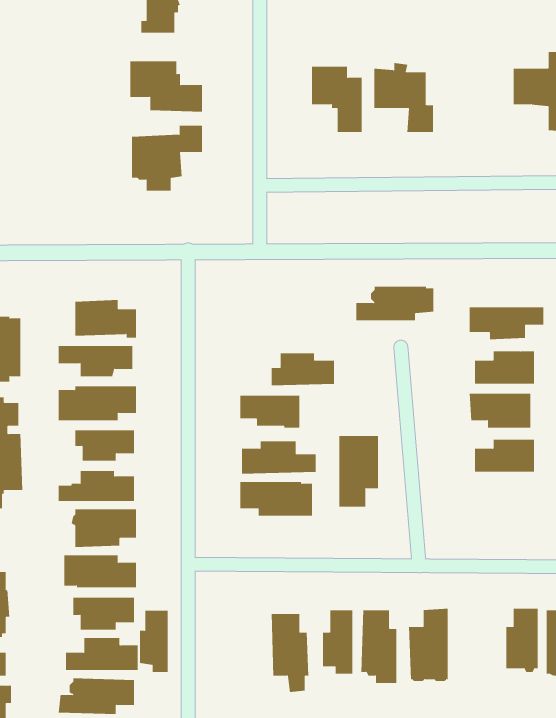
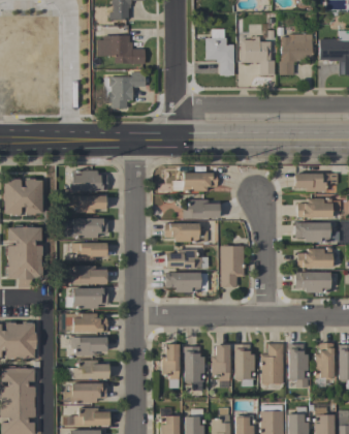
building: none -> [279,34,312,74]
building: [355,286,434,321] -> [172,172,217,191]
building: none -> [295,272,330,292]
building: none -> [288,344,308,388]
building: [139,610,168,673] -> [162,344,179,379]

